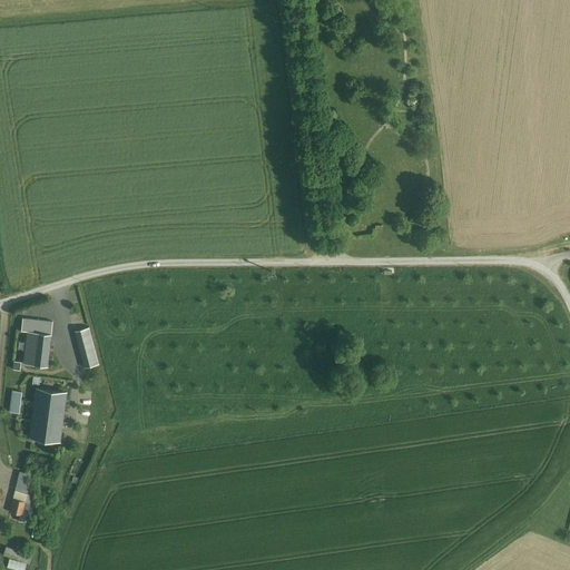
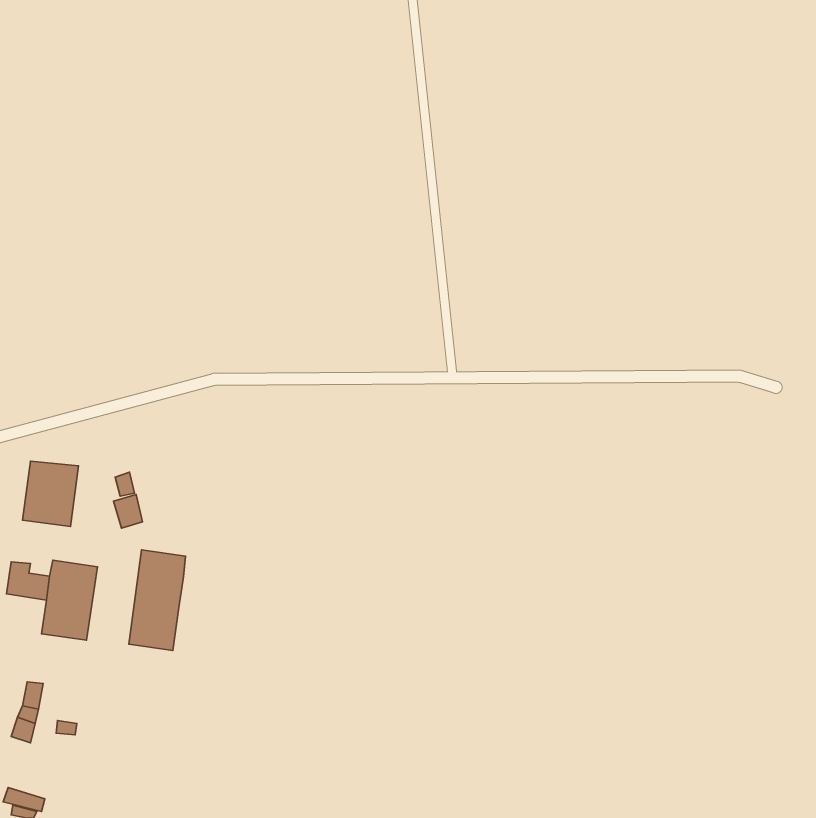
building: none -> [129,550,186,651]

